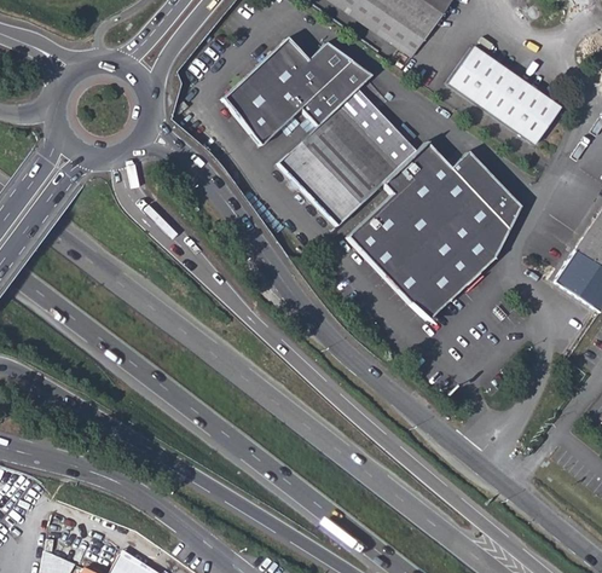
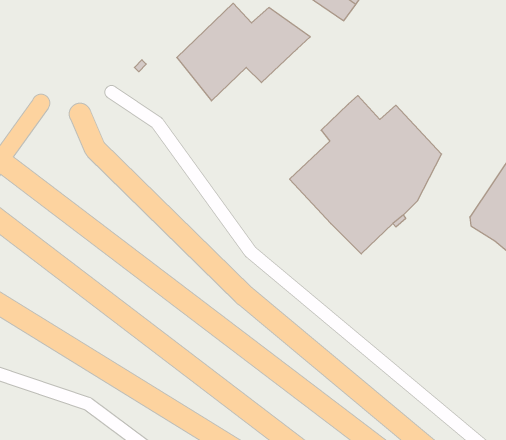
building: [448,46,563,145] -> none
building: [282,88,417,224] -> none

